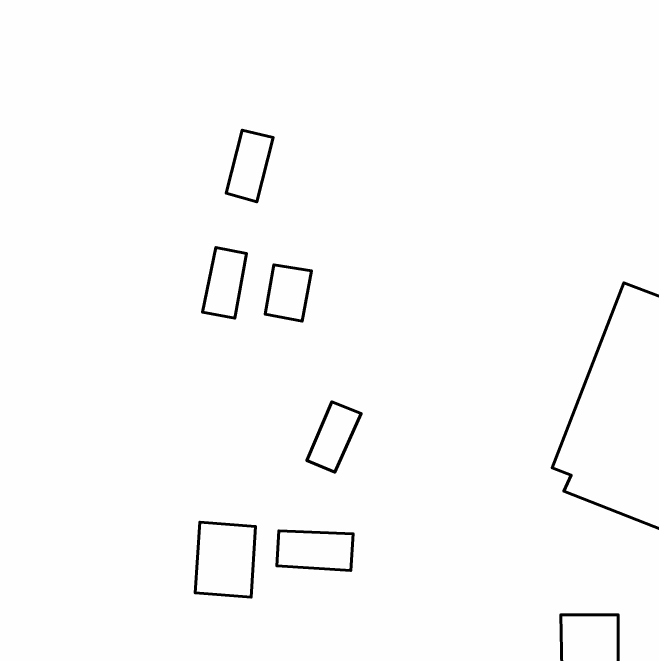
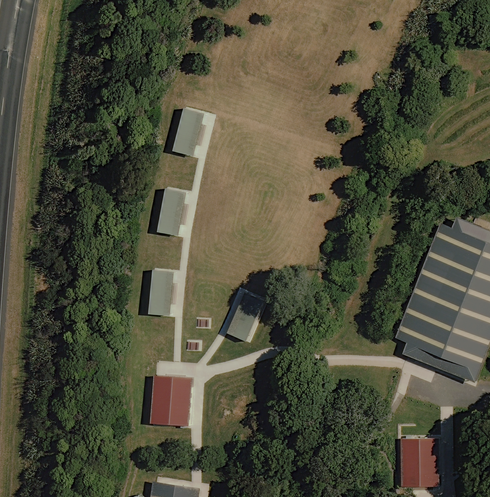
building: [265,265,311,321] -> none
building: none -> [148,270,173,315]
building: [277,531,353,571] -> none

